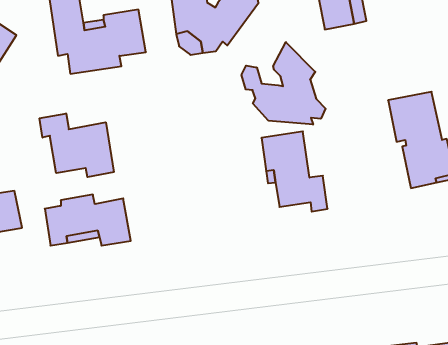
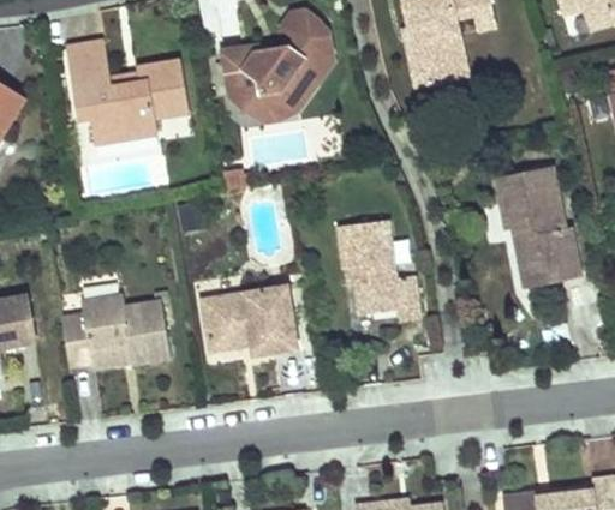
building: [242,42,326,125] -> none
building: [40,113,114,177] -> none
building: none -> [202,283,297,355]

